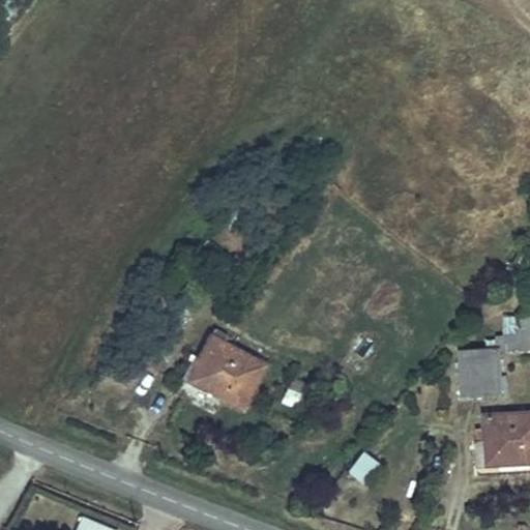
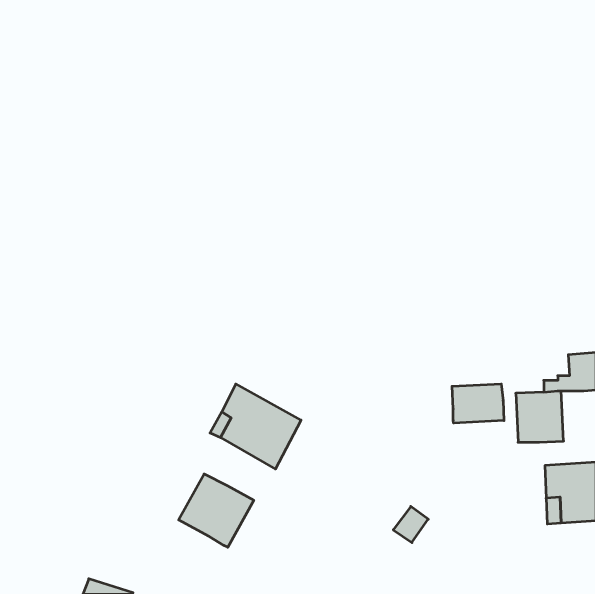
building: none -> [452,384,504,423]
building: none -> [179,474,254,547]

